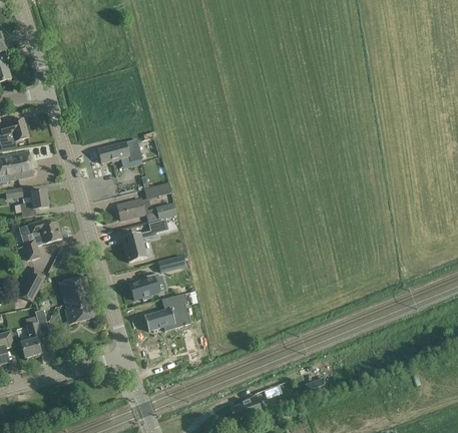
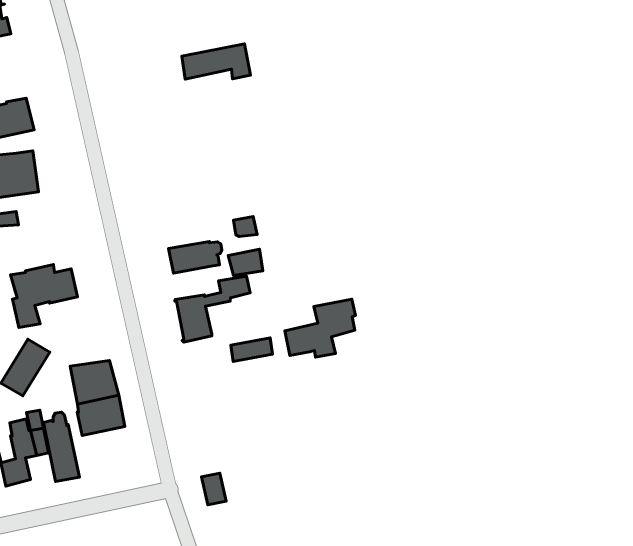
building: [98,138,141,162] -> [182,44,251,79]
building: [20,189,48,216] -> none
building: [129,272,164,300] -> none
building: [144,293,187,330] -> [285,299,356,357]
building: none -> [43,412,79,482]

